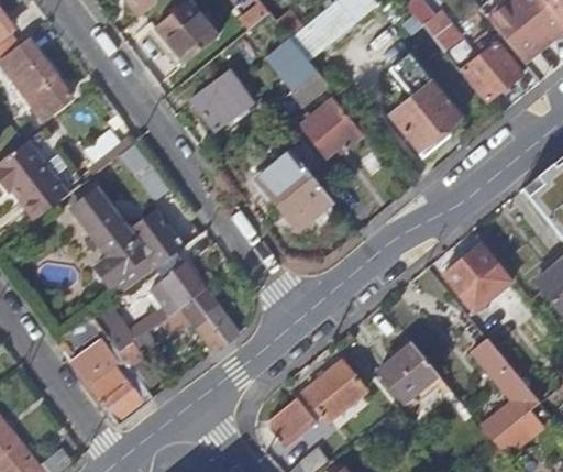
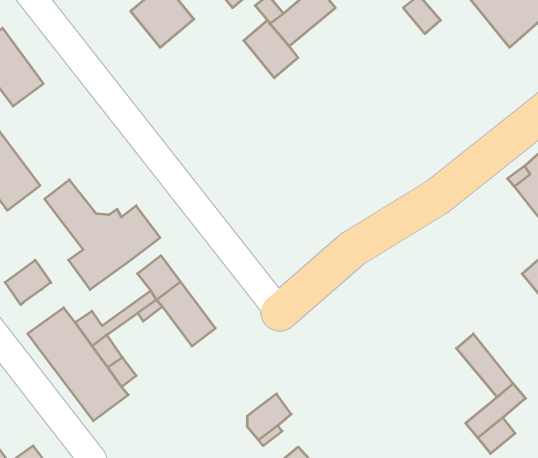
building: [463,42,522,100] -> none
building: [391,54,462,156] -> none
building: [192,73,252,130] -> none
building: [302,100,363,158] -> none
building: [258,152,332,229] -> none
building: [444,243,512,310] -> none
building: none -> [5,260,51,305]
building: [378,342,440,403] -> none
building: [305,361,367,421] -> none

